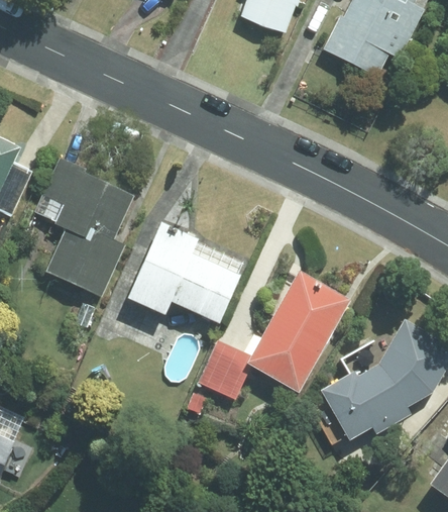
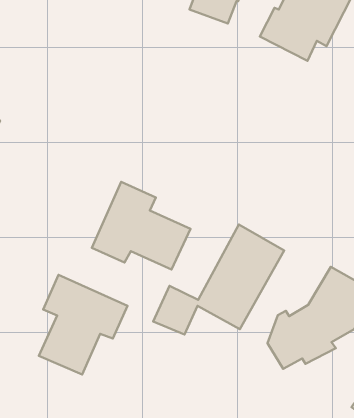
building: [33,159,135,297] -> none
building: none -> [39,275,127,374]

